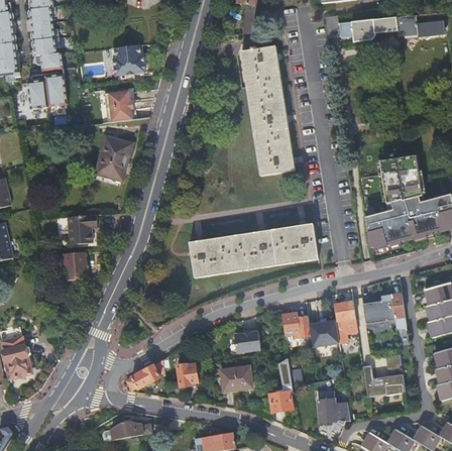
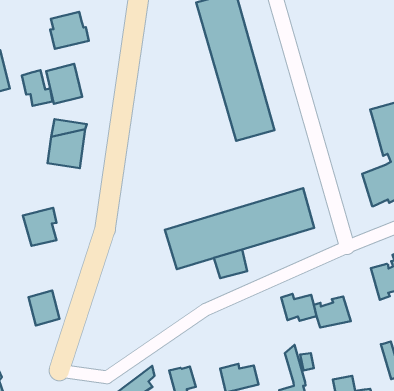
building: none -> [22,70,53,106]
building: [64,249,88,277] -> [28,291,59,325]
building: [335,302,357,354] -> none
building: [233,328,260,350] -> [214,250,247,278]

